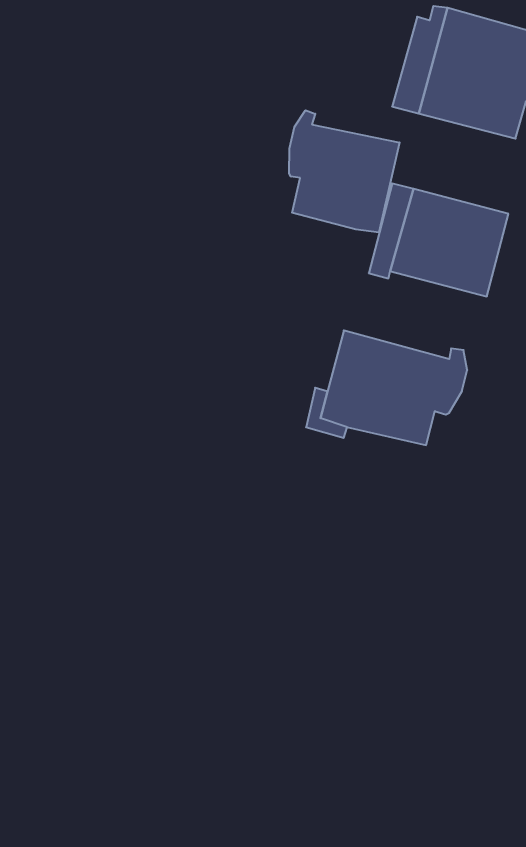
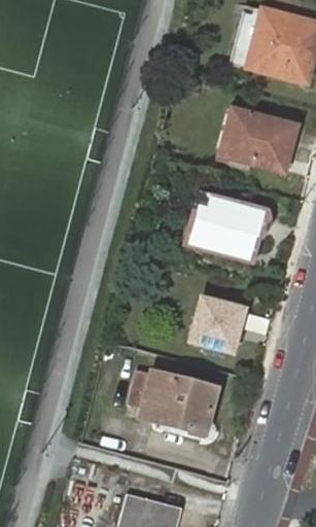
building: [289,110,400,232] -> none
building: none -> [191,298,247,351]
building: none -> [129,368,215,433]

